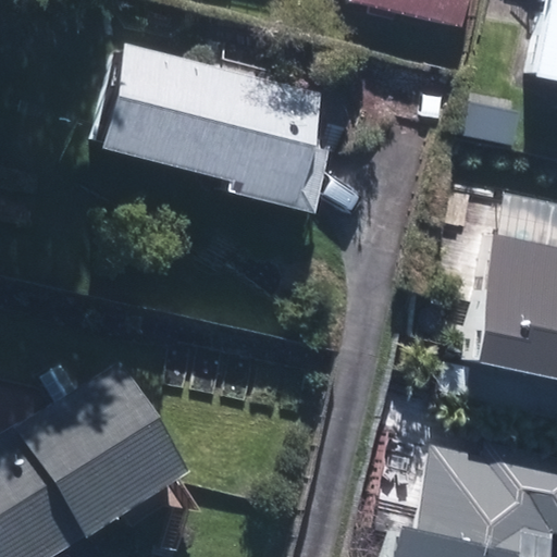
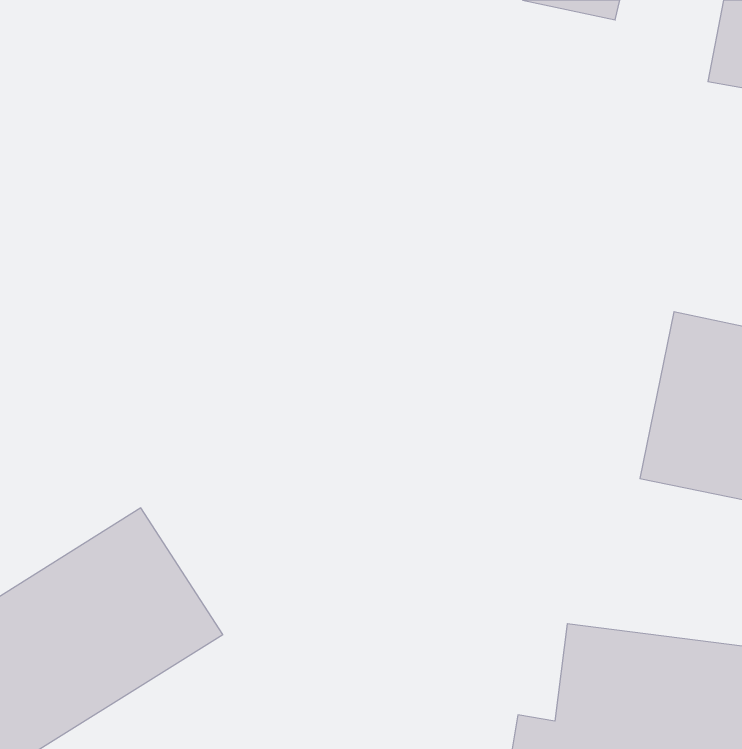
building: [110,50,319,207] -> none

